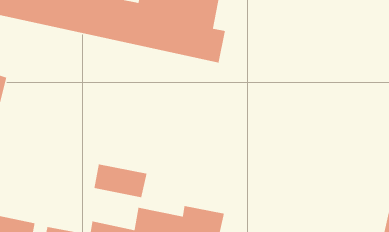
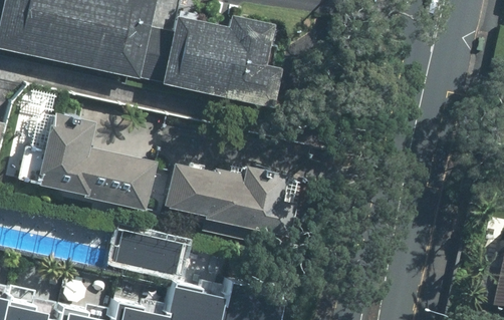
building: none -> [35,110,158,211]
building: none -> [165,163,287,230]

